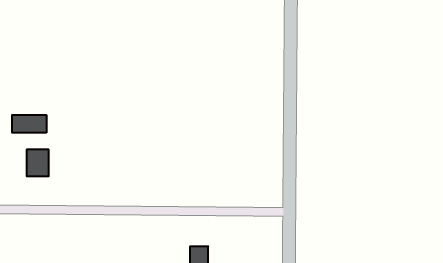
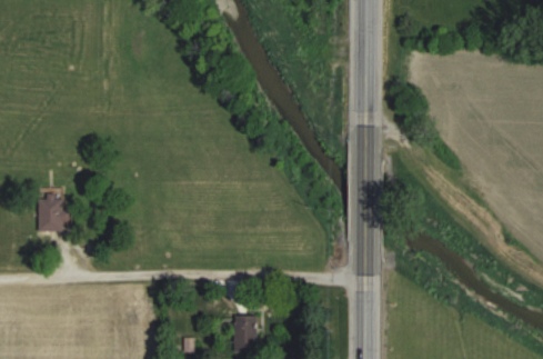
building: [12,115,46,133] -> none

